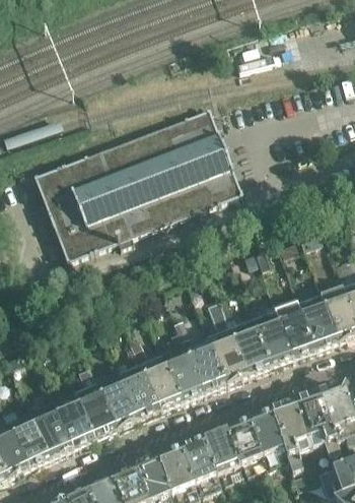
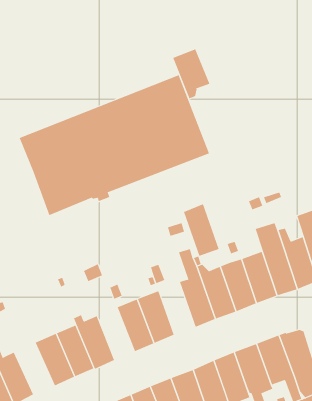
building: none -> [172,48,210,99]
building: [187,336,226,394] -> [183,203,219,256]
building: [120,364,160,422] -> none
building: [25,393,73,459] -> none

